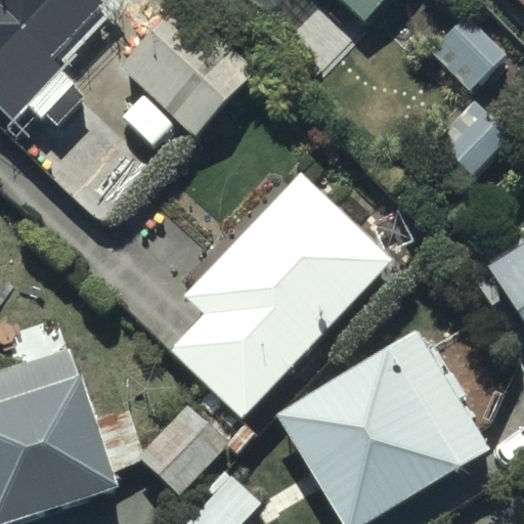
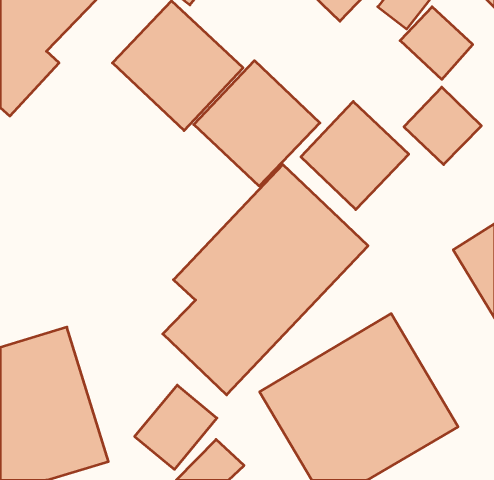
building: none -> [194,61,320,186]
building: none -> [301,101,409,210]

